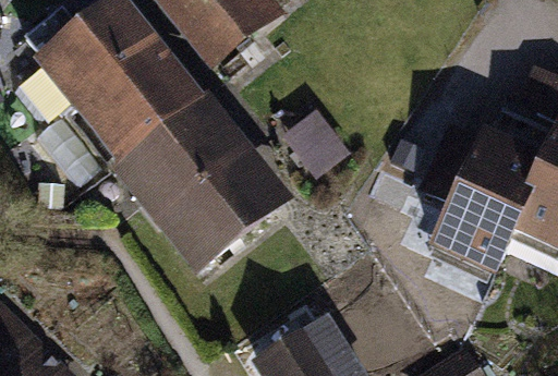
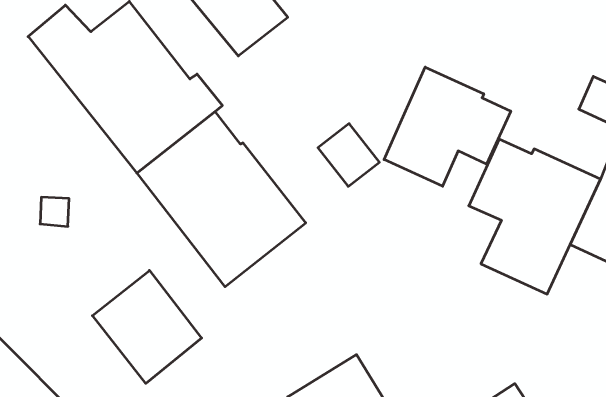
building: none -> [384,67,511,186]
building: none -> [92,270,202,383]

